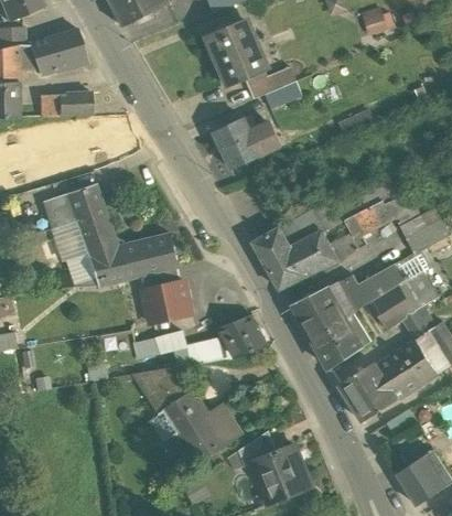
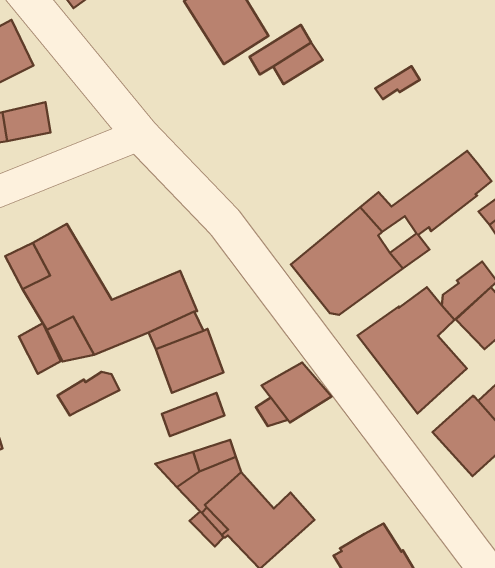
building: [213,118,281,170] -> none
building: none -> [19,323,61,374]
building: none -> [58,372,120,415]
building: [237,431,276,465] -> none

